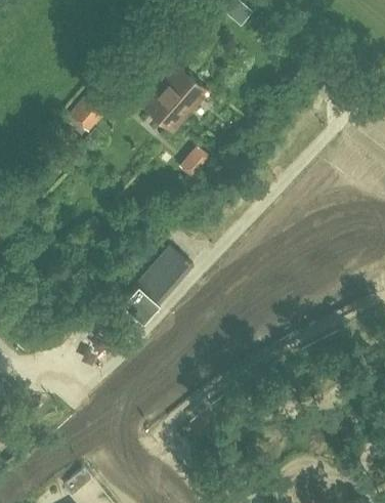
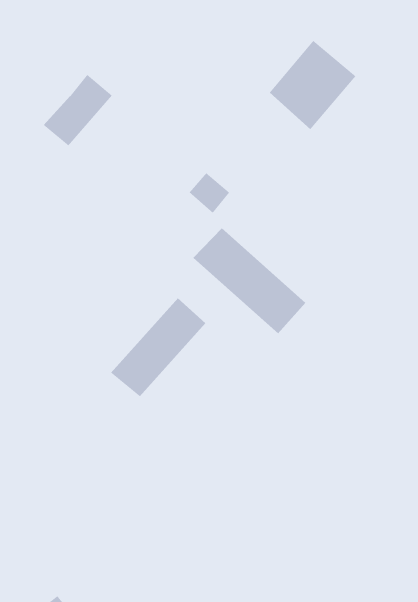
building: [140,66,207,134] -> [269,40,356,130]
building: none -> [192,227,306,334]

